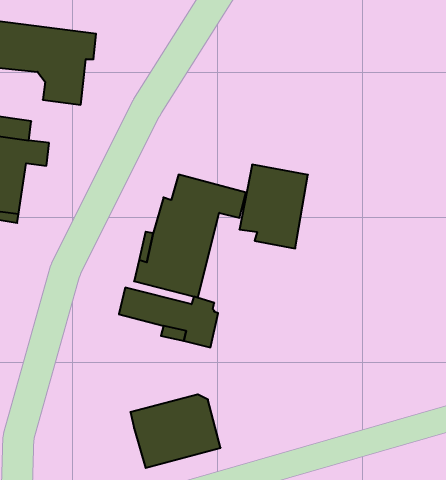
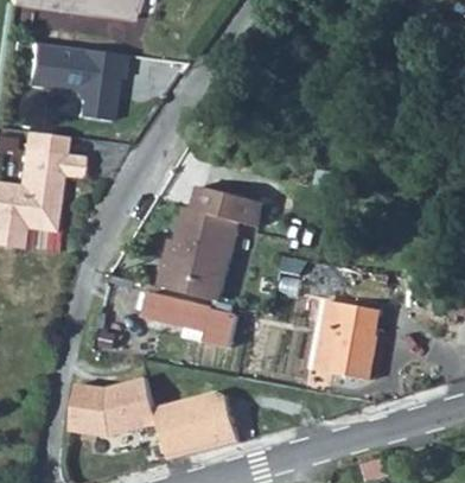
building: [239,165,308,248] -> [318,300,382,379]
building: none -> [72,376,160,436]

